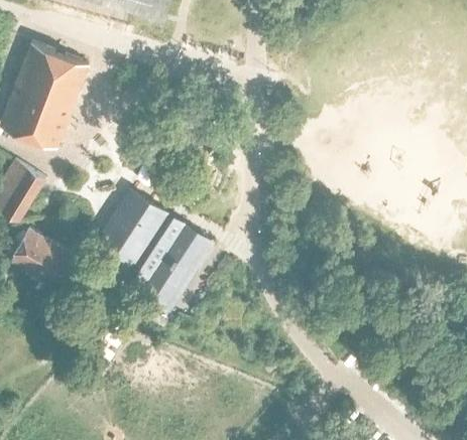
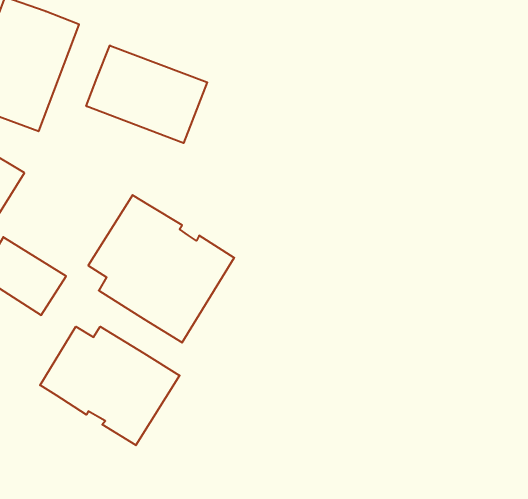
building: none -> [86,45,207,143]
building: none -> [40,327,180,445]

